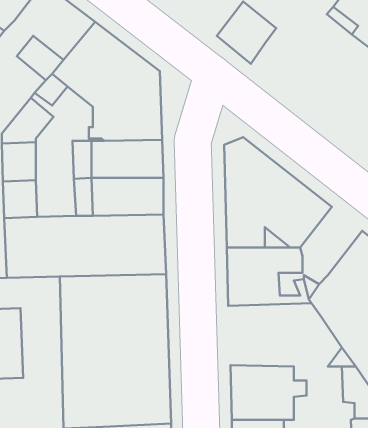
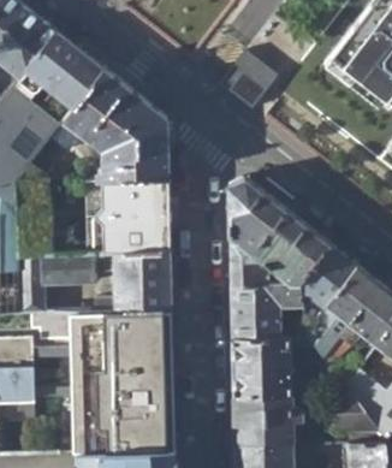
building: none -> [299,243,358,308]
building: none -> [231,334,320,395]

